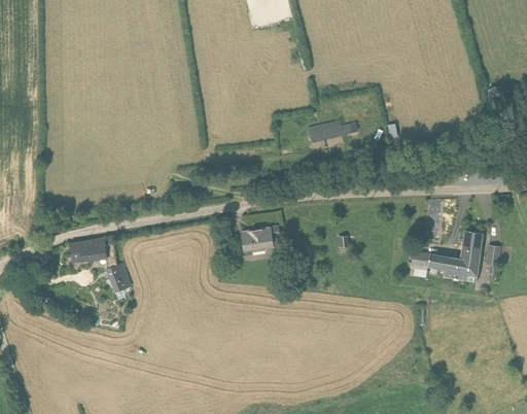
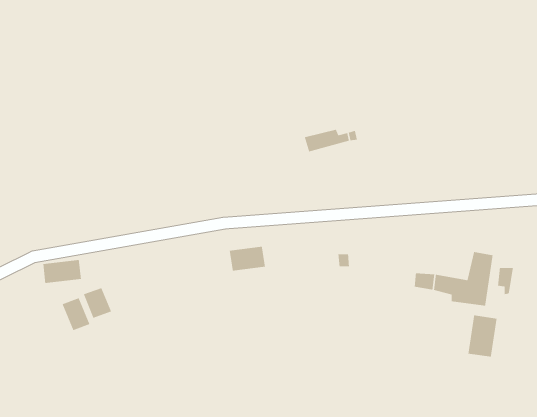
building: none -> [62,297,90,331]
building: none -> [468,315,498,358]

